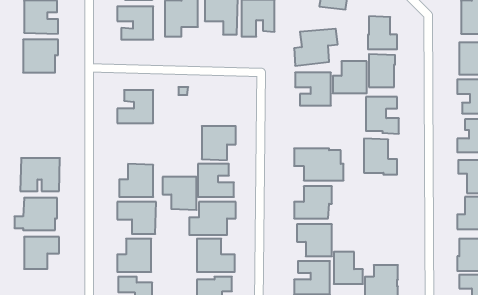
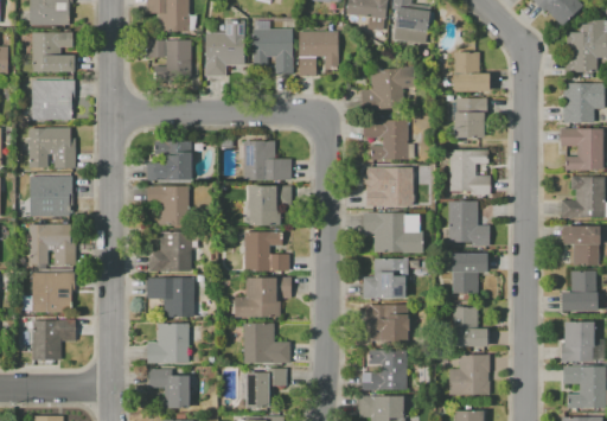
building: [333,61,367,93] -> [366,167,408,206]
building: none -> [30,127,76,168]
building: none -> [244,141,292,180]
building: none -> [31,176,72,217]
building: [163,177,197,210] -> [148,186,190,227]
building: none -> [451,254,487,293]
building: [334,252,363,284] -> [453,307,488,346]

